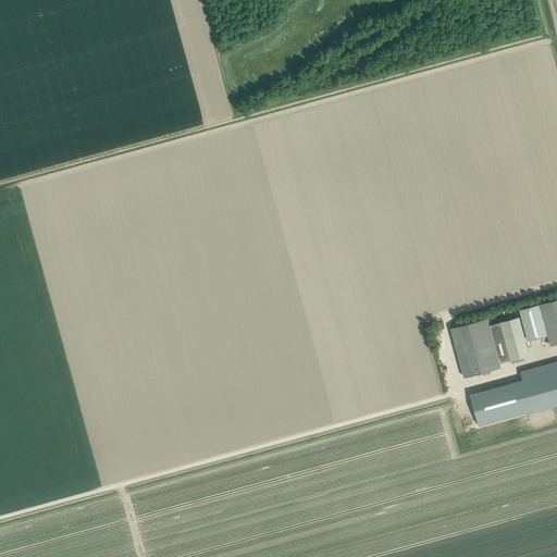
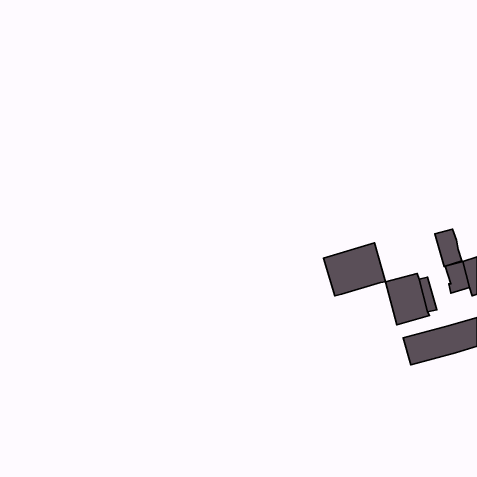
building: none -> [323,243,386,296]
building: [498,318,530,361] -> [435,229,462,266]

